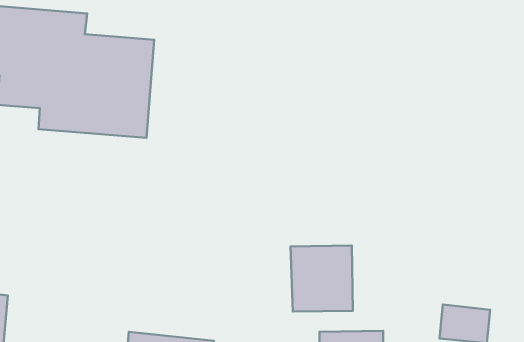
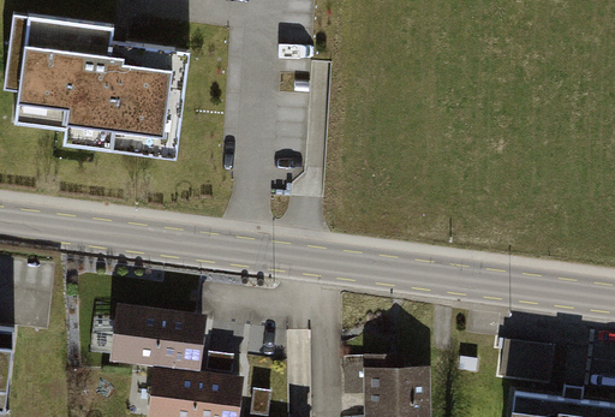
building: [291,246,353,312] -> none
building: none -> [111,305,208,373]

